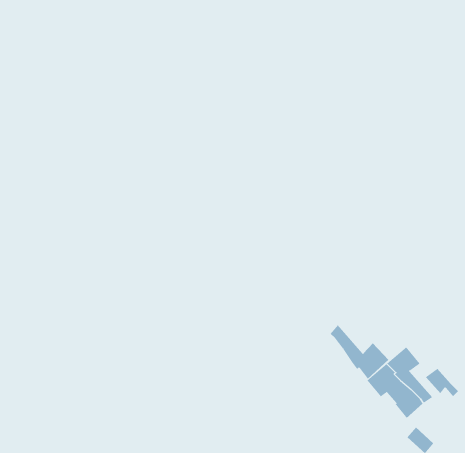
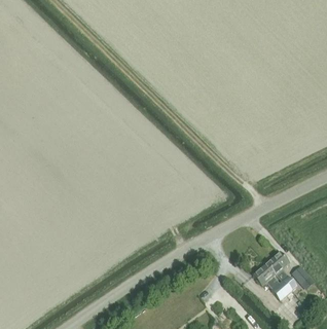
building: [330,325,389,379] -> none

